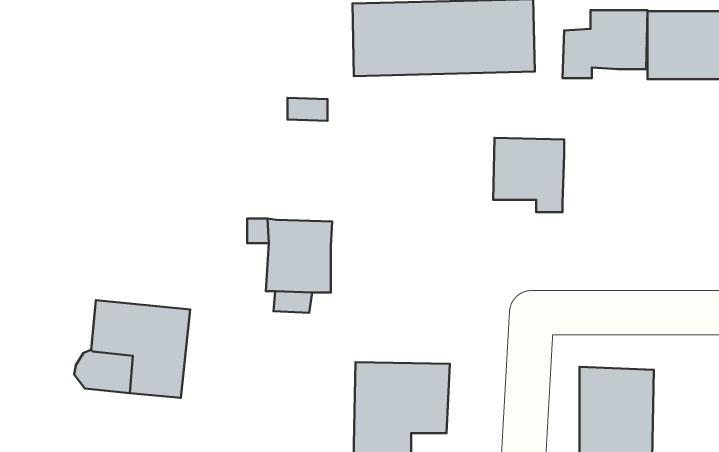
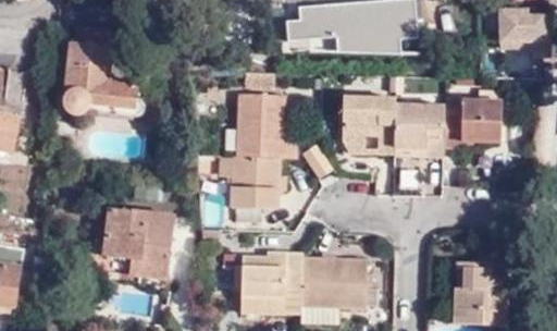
building: [563,10,648,78] -> [438,96,498,144]
building: none -> [63,28,141,117]
building: none -> [237,91,294,157]
building: none -> [337,93,391,149]
building: none -> [233,250,296,314]

